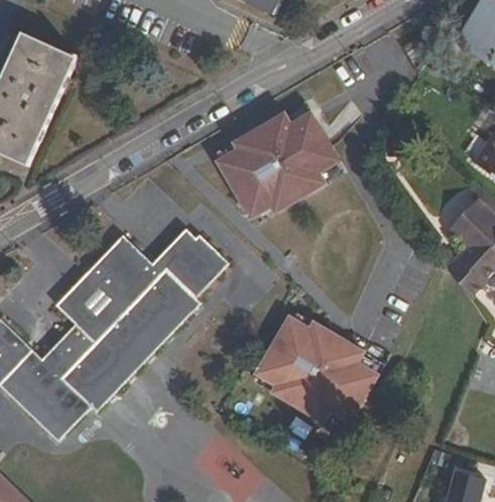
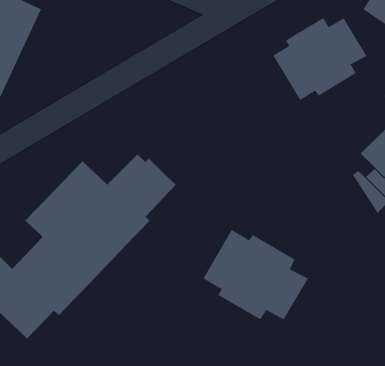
building: none -> [273,17,367,101]
building: [220,109,342,217] -> none

